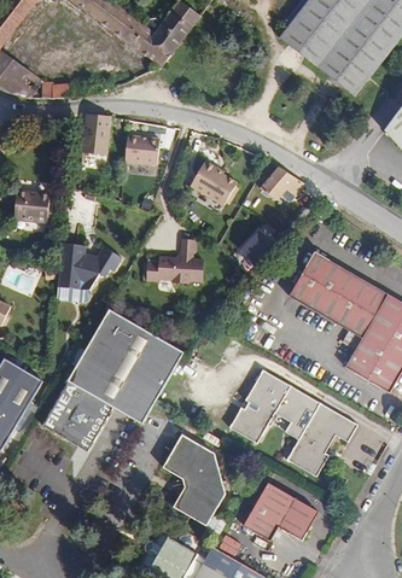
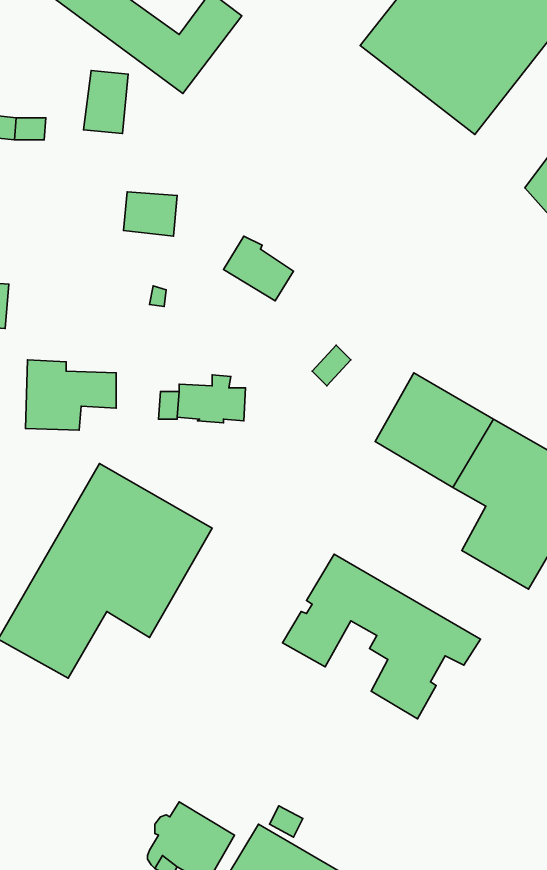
building: [80,112,109,153] -> [84,71,128,133]
building: [258,165,304,199] -> none
building: [161,433,223,525] -> none
building: [241,481,316,539] -> none

